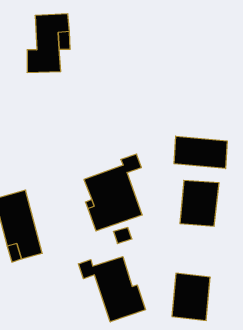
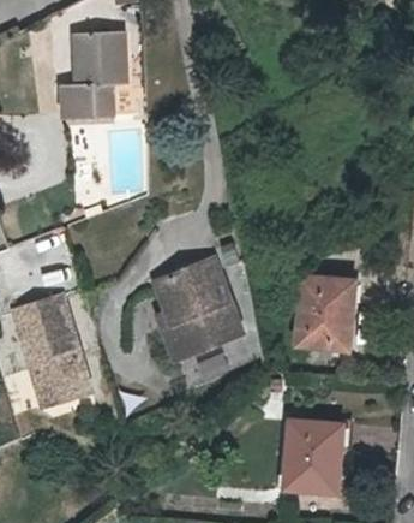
building: [174,136,227,169] -> none
building: [78,257,145,322] -> none

